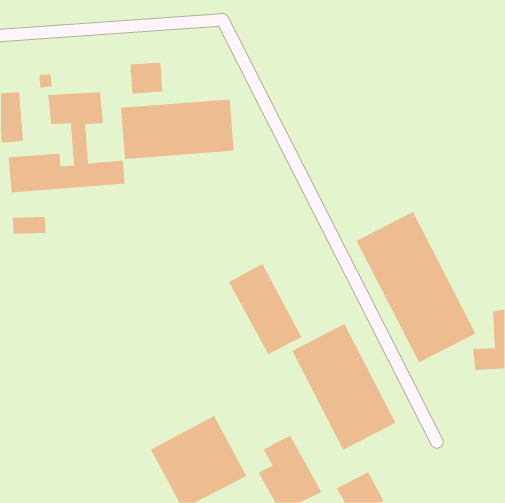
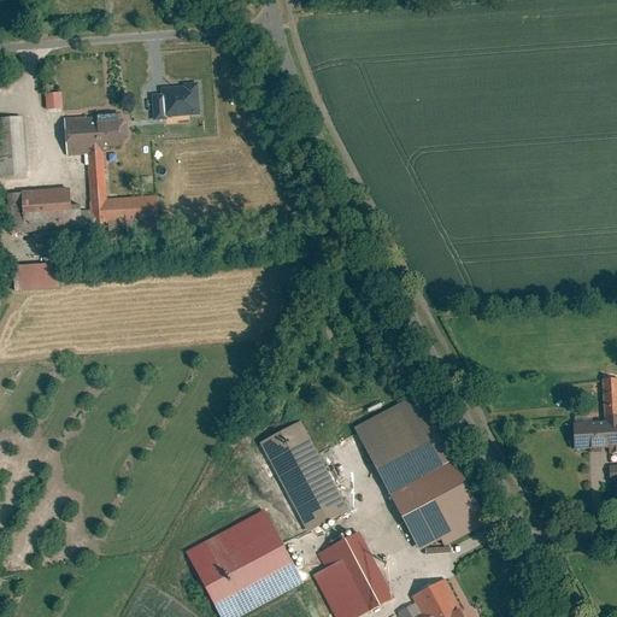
building: [120,99,234,160] -> none
building: [356,211,476,363] -> none
building: [228,263,302,355] -> [257,417,347,529]

